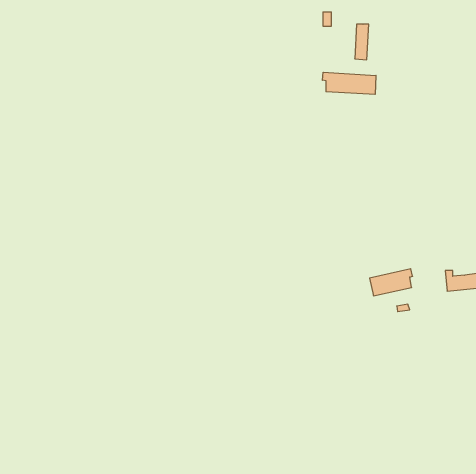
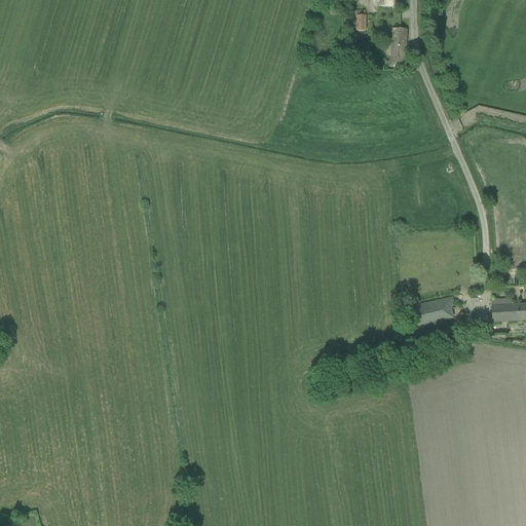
building: [322,72,376,94] -> none

